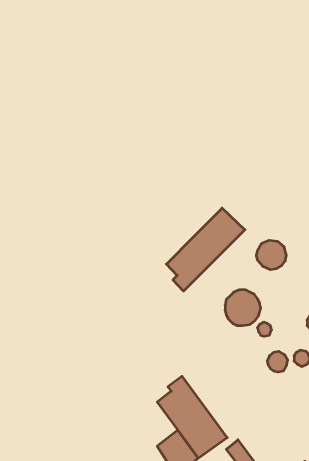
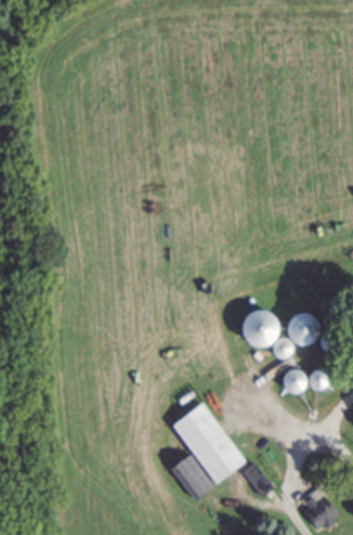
building: [166,208,245,291] -> none
building: [256,240,286,270] -> [288,316,318,345]

